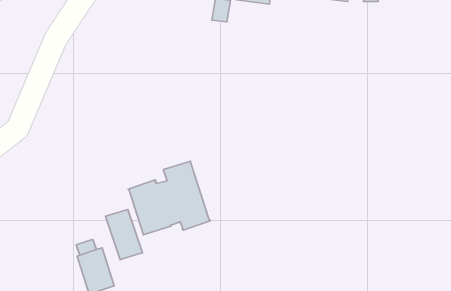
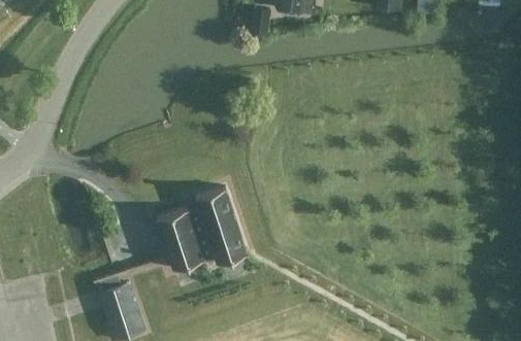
building: [106,209,142,260] -> none

